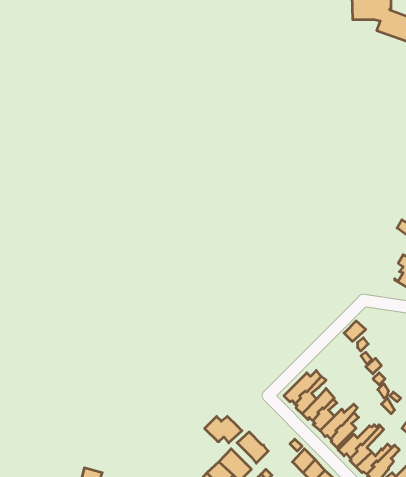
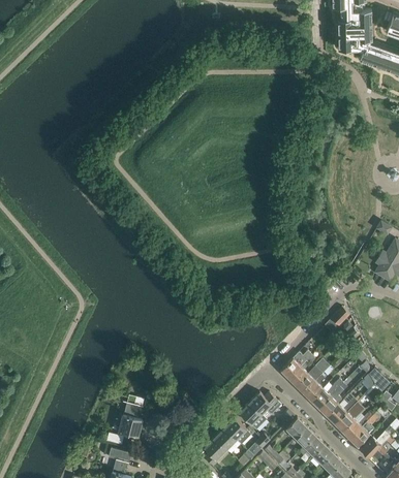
building: [205,416,242,443] -> [250,393,282,416]
building: none -> [118,403,142,438]

